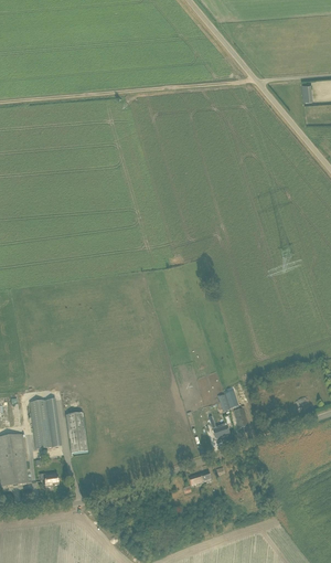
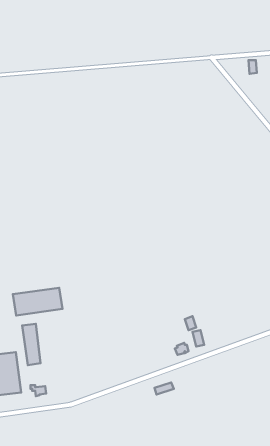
building: none -> [13,288,62,315]

